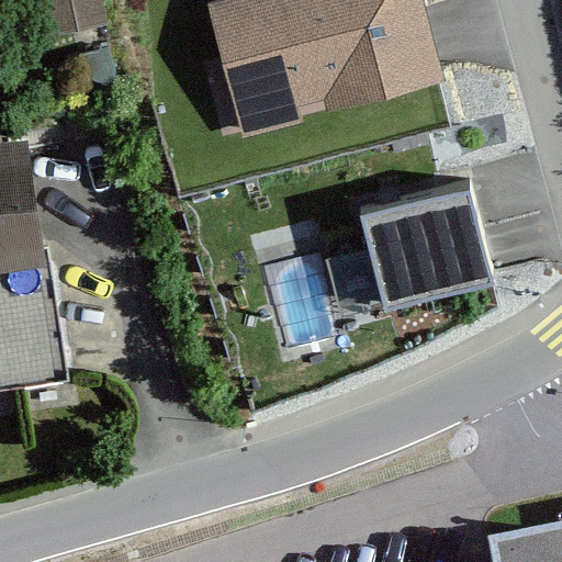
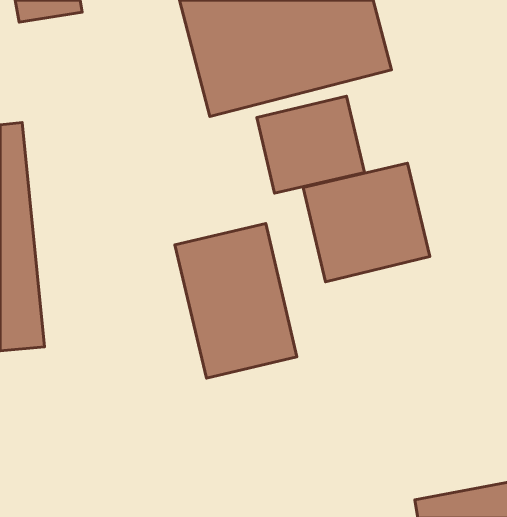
building: none -> [257,96,365,193]
building: none -> [175,223,297,378]

